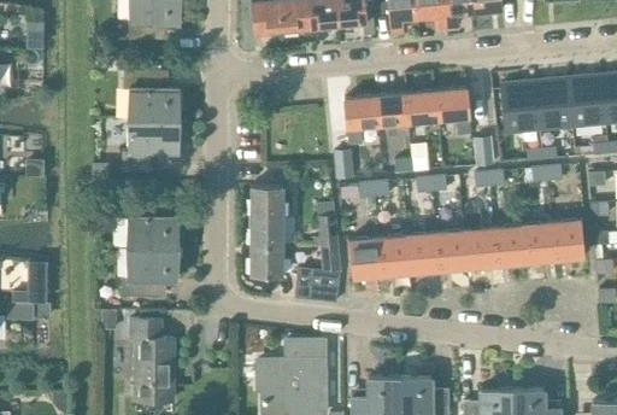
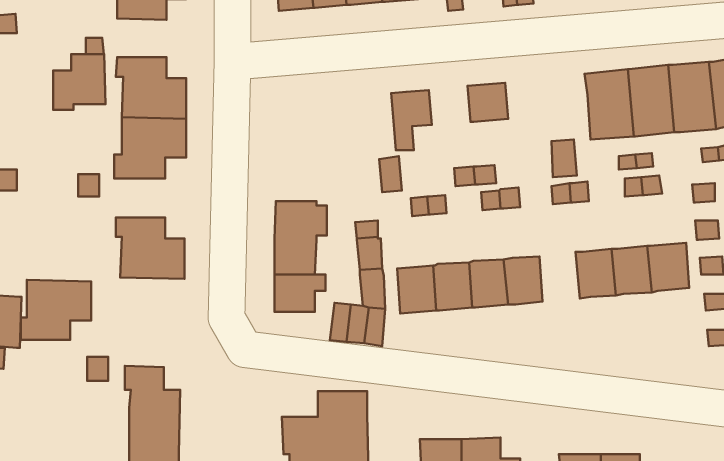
building: none -> [53,54,105,110]
building: [436,87,470,136] -> none
building: [375,93,409,124] -> none
building: [464,227,496,267] -> none
building: [122,247,178,296] -> [21,280,91,340]

